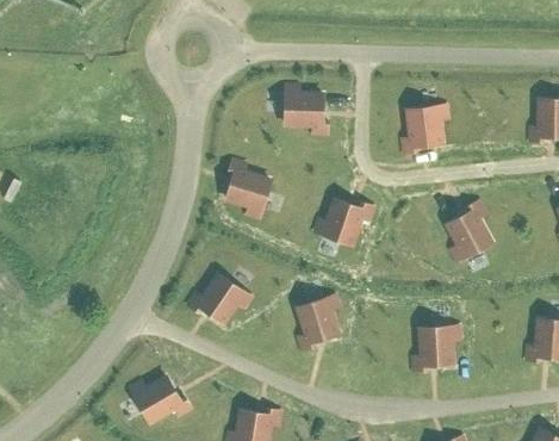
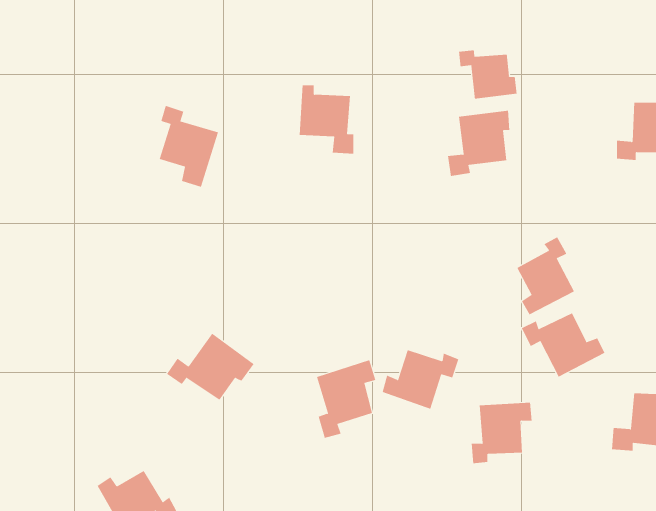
building: none -> [459,50,517,99]
building: [225,160,271,222] -> [159,105,219,187]
building: [316,199,374,244] -> [382,350,459,410]
building: none -> [521,313,605,377]

